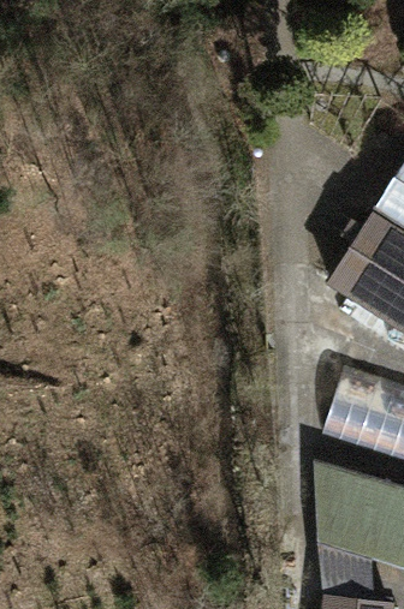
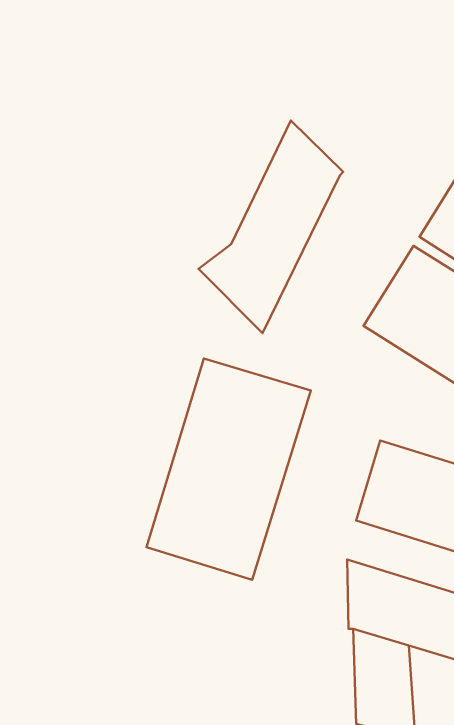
building: none -> [199,121,343,333]
building: none -> [146,359,311,580]

